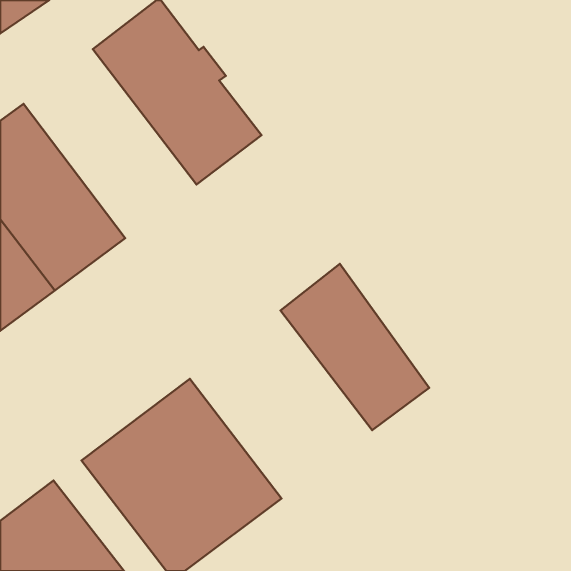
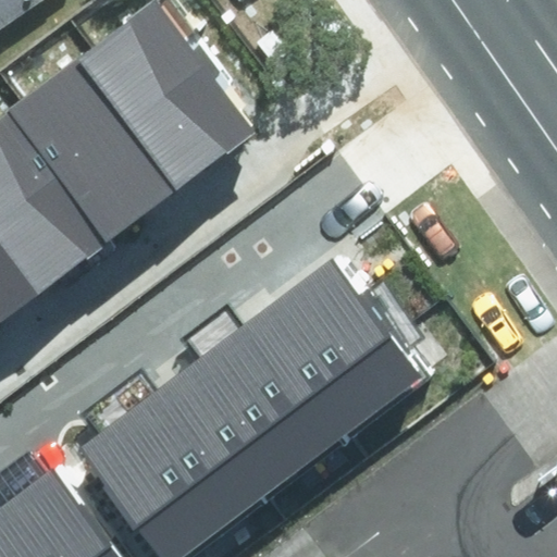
building: none -> [23,48,191,232]
building: none -> [185,302,362,485]

